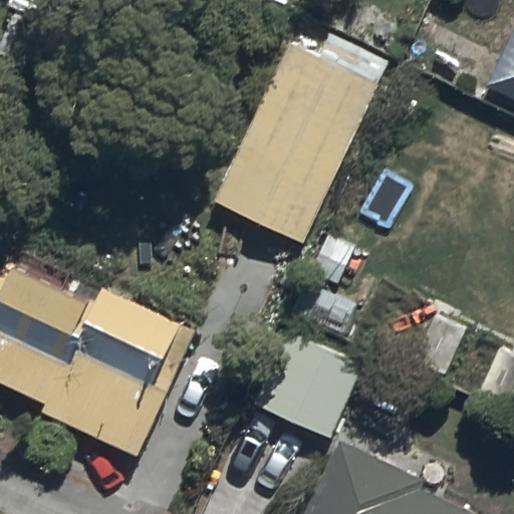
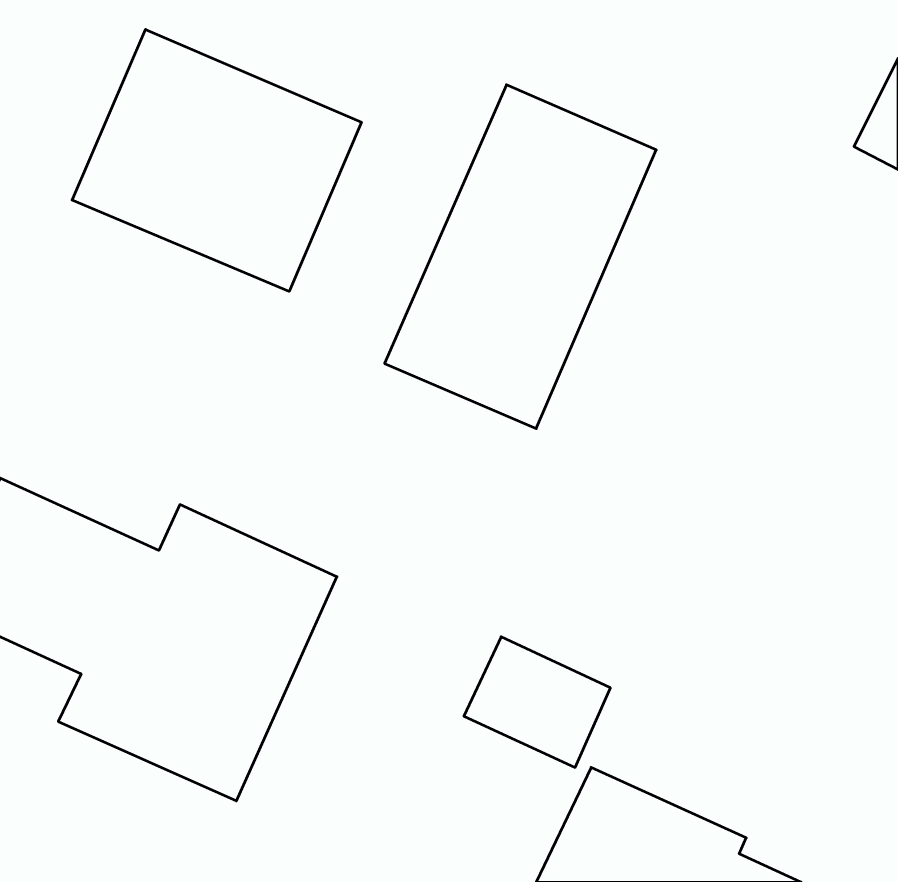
building: none -> [72,29,361,291]

